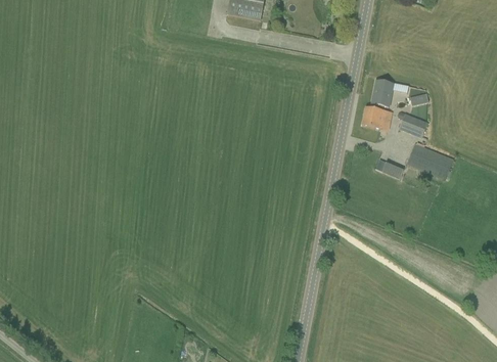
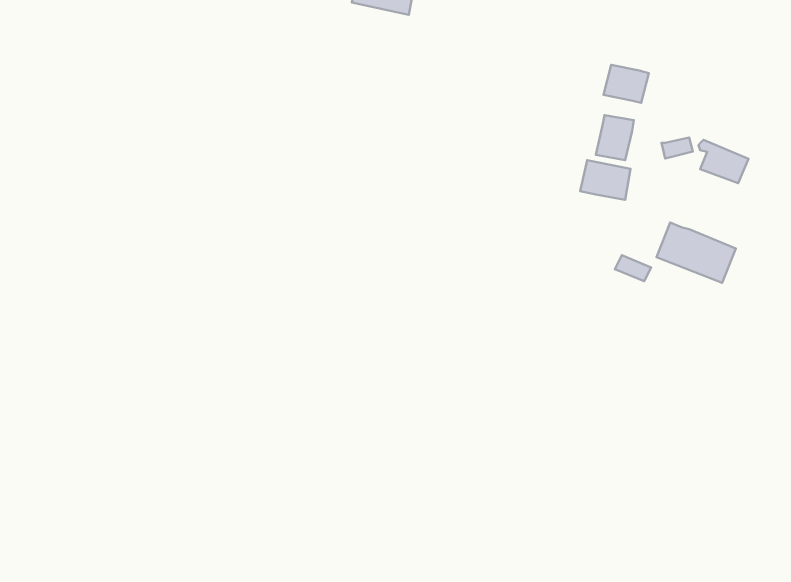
building: none -> [603,65,649,103]
building: [397,110,426,136] -> [698,140,749,183]

